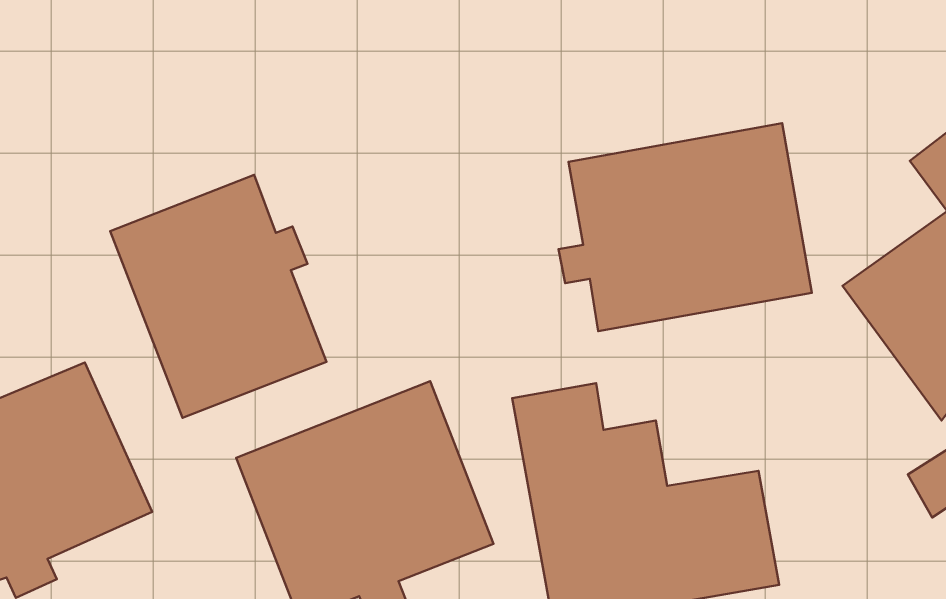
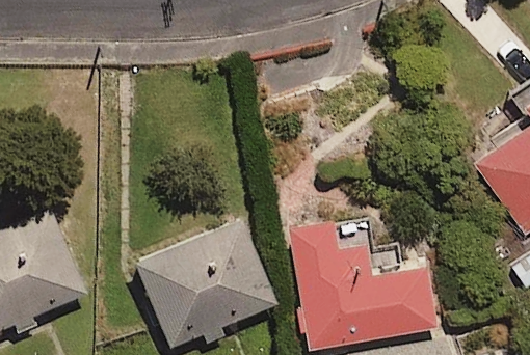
building: [559,123,812,331] -> none
building: [110,175,326,418] -> none

